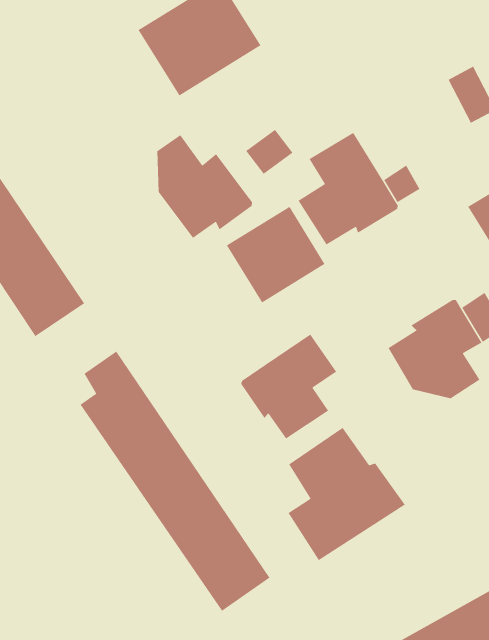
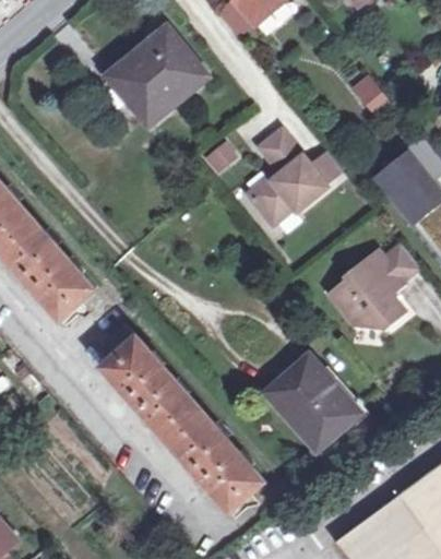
building: [156,134,253,239] -> none
building: [226,206,326,304] -> none
building: [240,333,337,440] -> none

